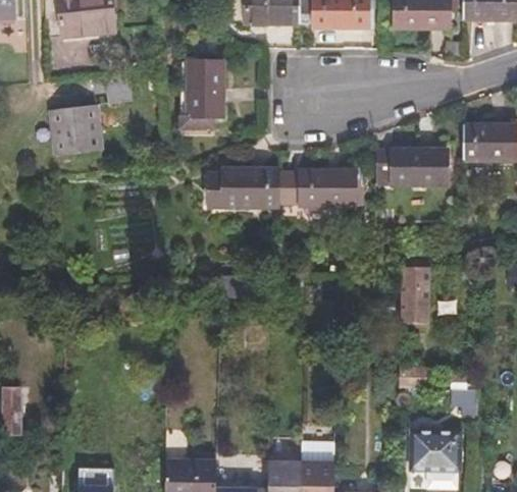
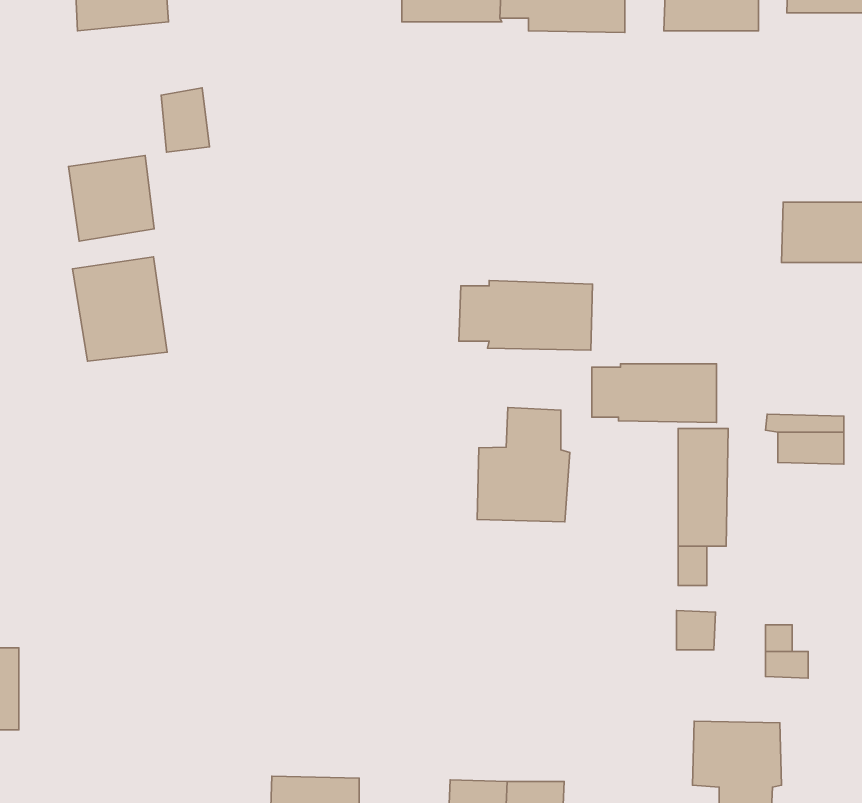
building: [183,54,224,120] -> none
building: [373,151,445,184] -> [592,364,717,423]
building: none -> [73,257,167,361]
building: [211,172,266,210] -> none
building: none -> [477,408,570,522]

